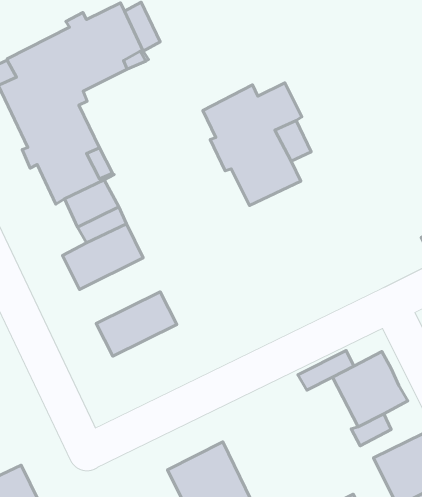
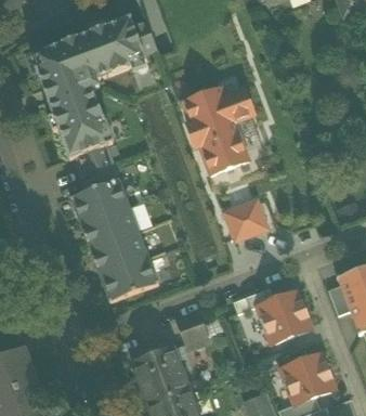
building: none -> [224,199,267,240]
building: none -> [80,205,139,249]
building: none -> [100,256,158,301]
building: none -> [175,311,209,344]

